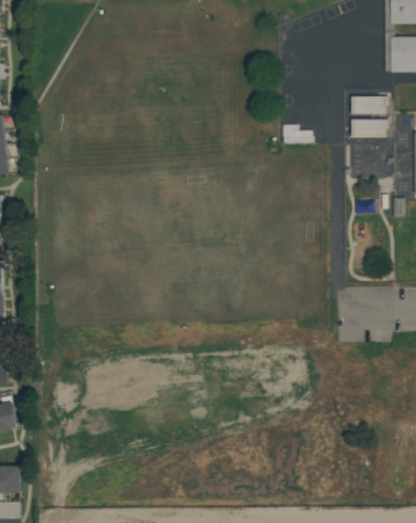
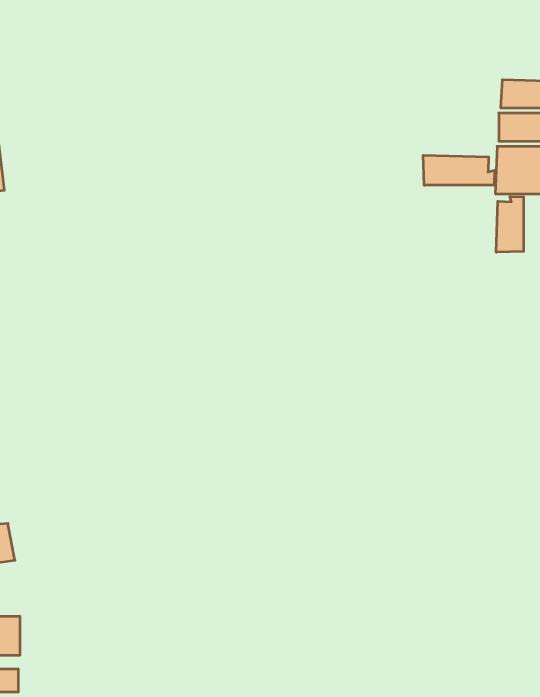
building: none -> [423,155,495,185]
building: none -> [496,197,524,252]

